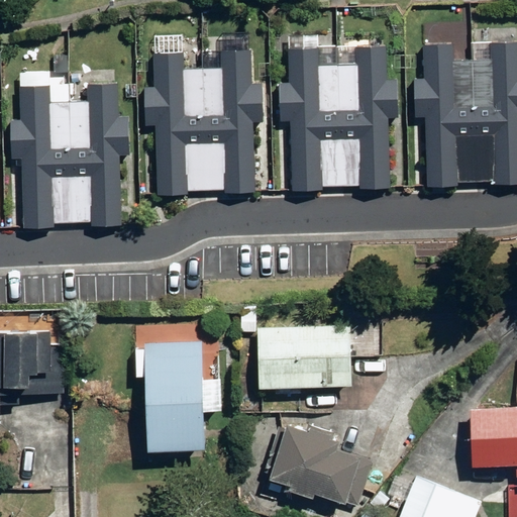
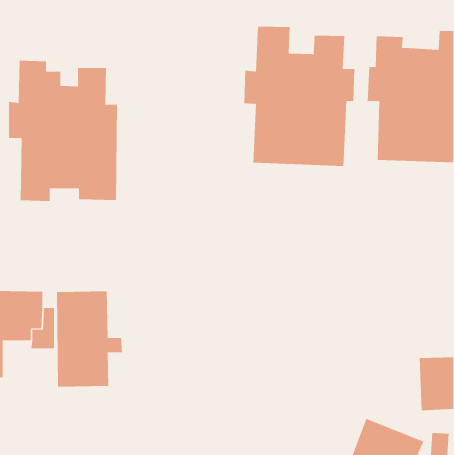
building: [142,40,264,198] -> none
building: [256,321,353,387] -> none
building: [149,337,224,445] -> [56,291,123,387]
building: [270,420,369,505] -> none

